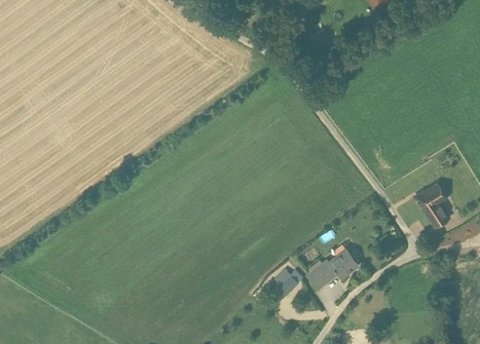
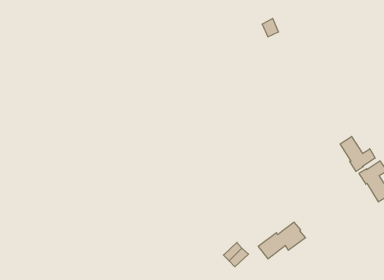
building: none -> [340,136,375,171]

